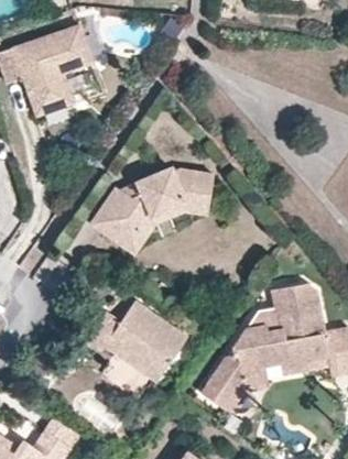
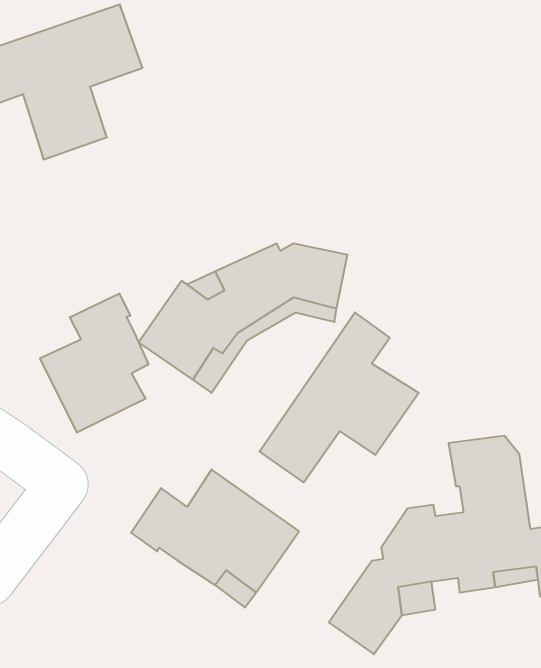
building: none -> [40,294,148,433]
building: none -> [259,312,419,482]

